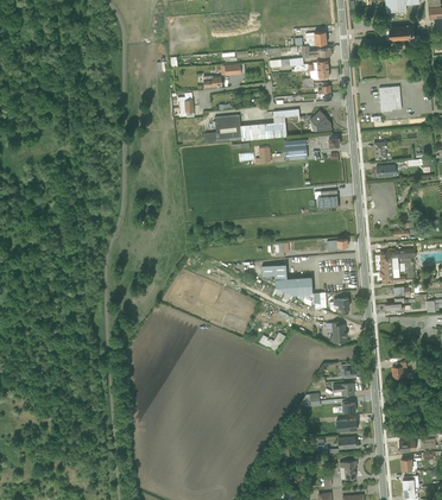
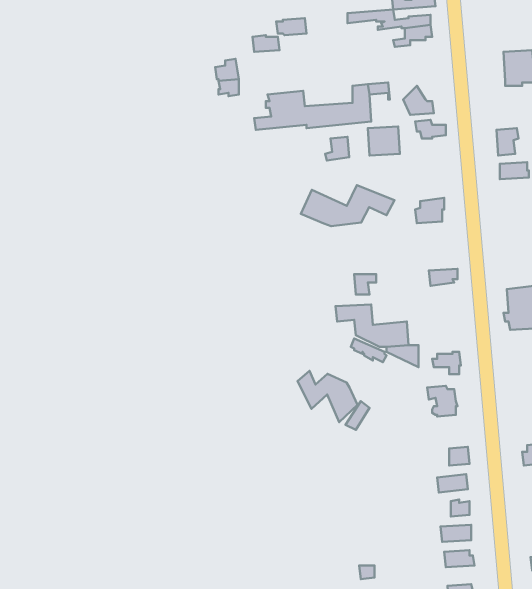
building: none -> [301,185,394,226]
building: none -> [297,371,358,422]

